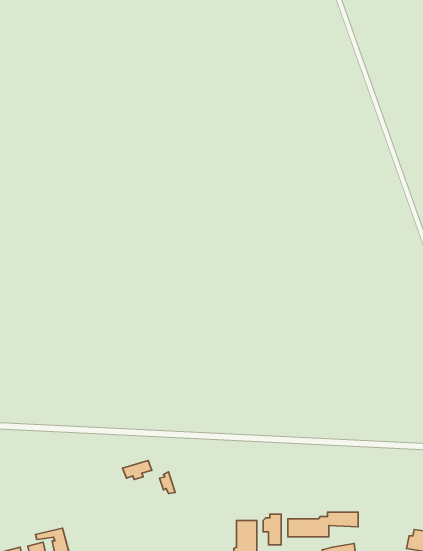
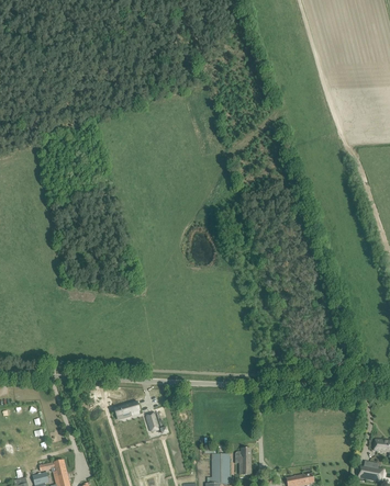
building: [288,512,358,537] -> none

